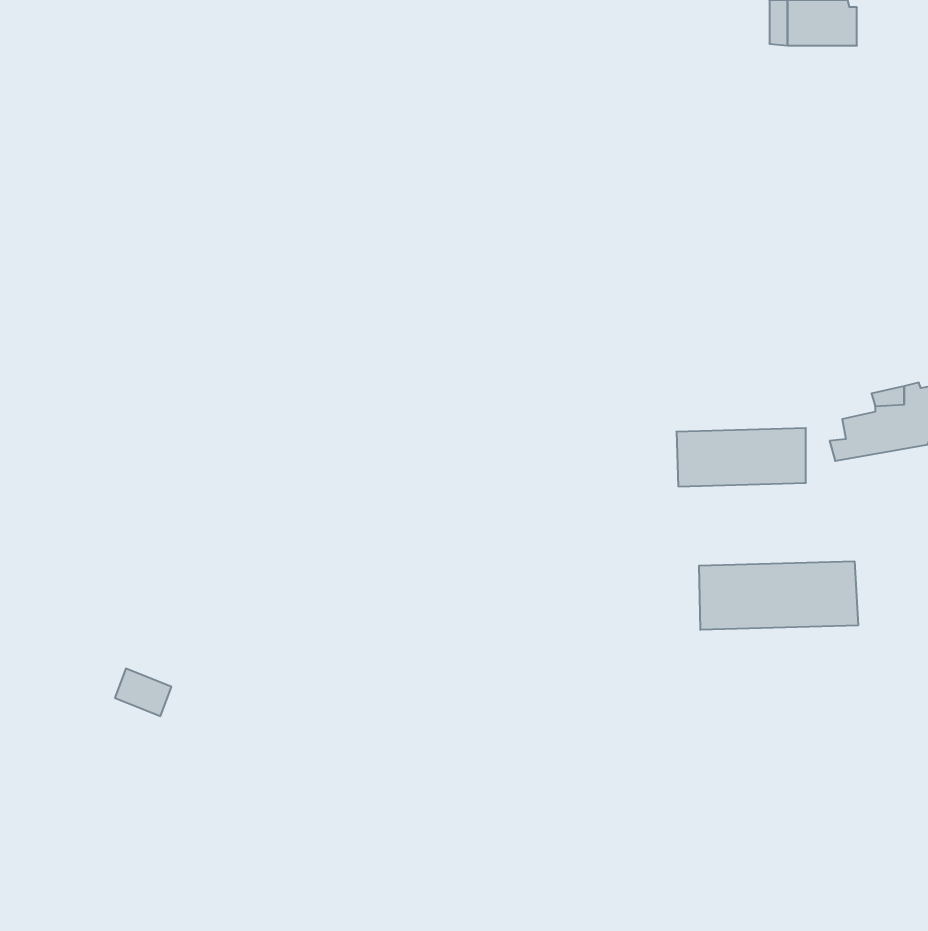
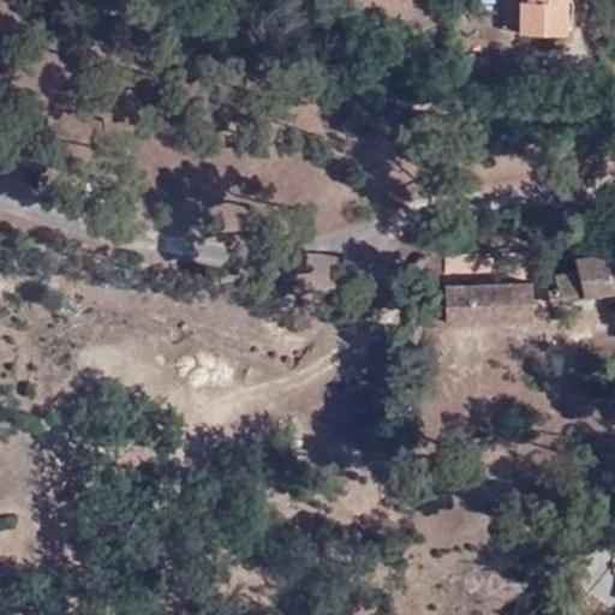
building: [699,561,858,630] -> none

